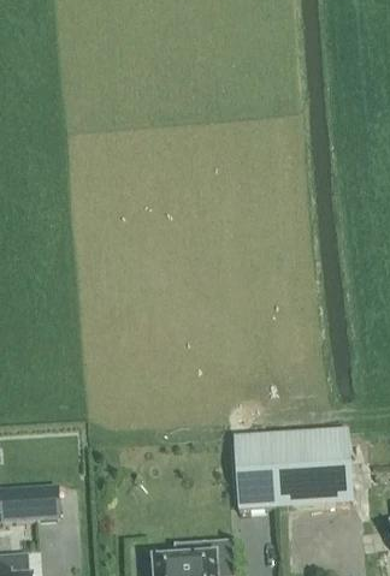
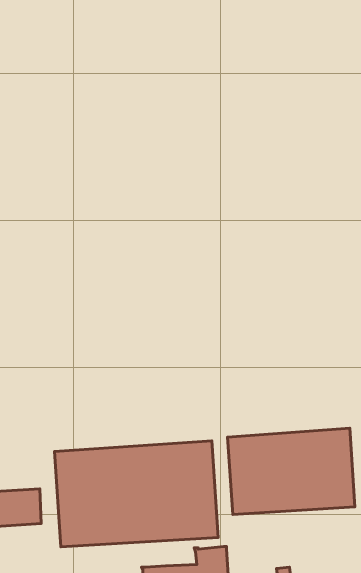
building: none -> [55,441,218,547]

